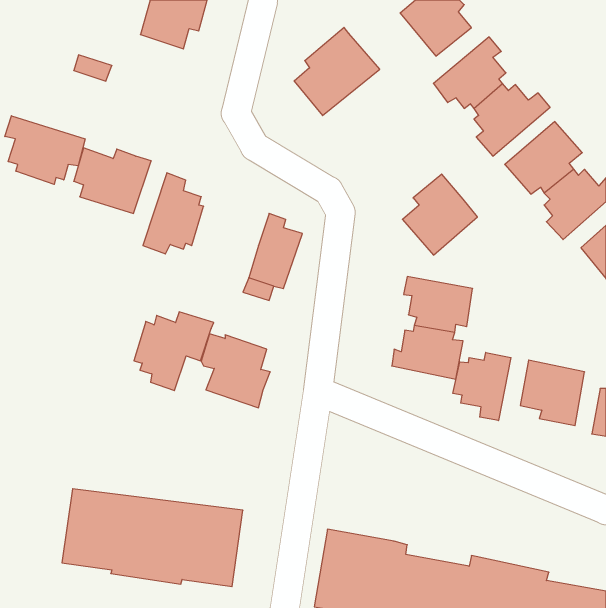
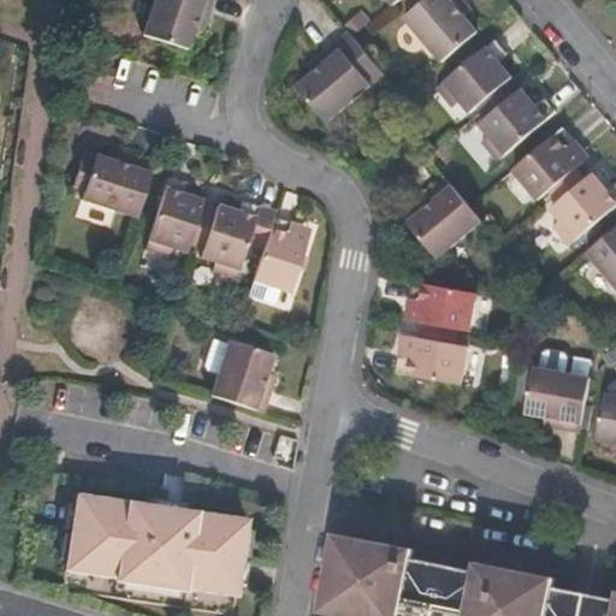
building: [5,116,85,184] -> none
building: [134,312,214,391] -> [194,200,274,279]
building: [453,352,511,421] -> none

